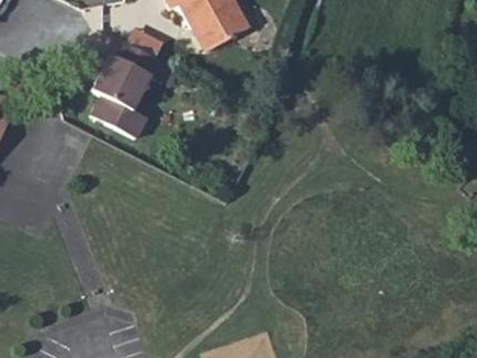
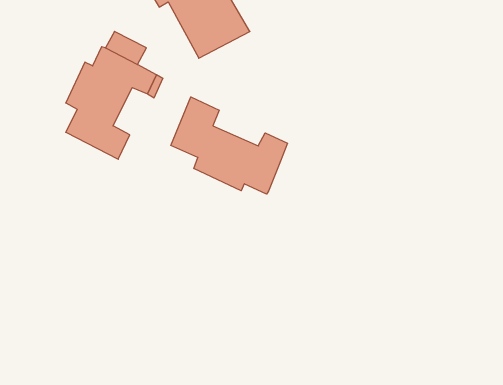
building: none -> [171,97,287,194]

